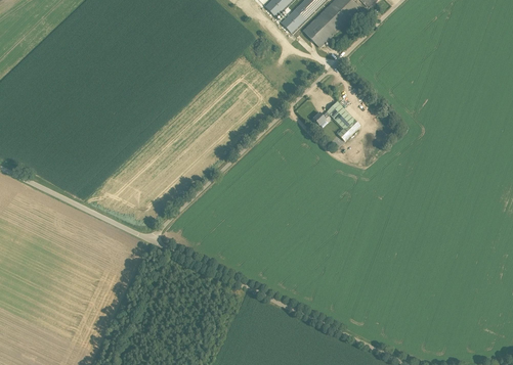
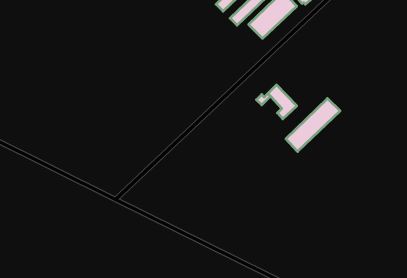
building: none -> [286,98,340,152]

